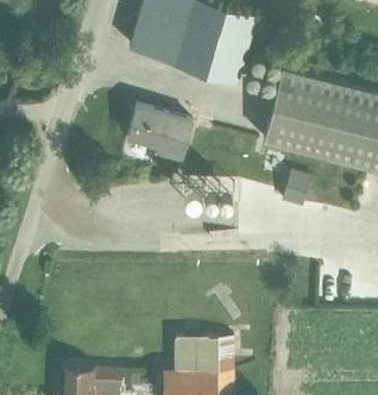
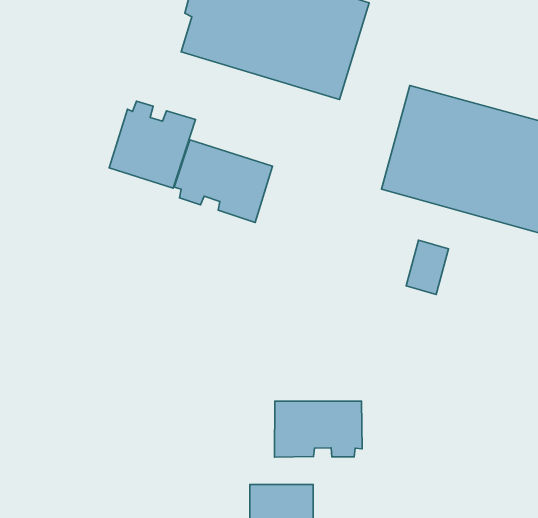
building: none -> [109,101,195,188]
building: none -> [274,401,362,457]

